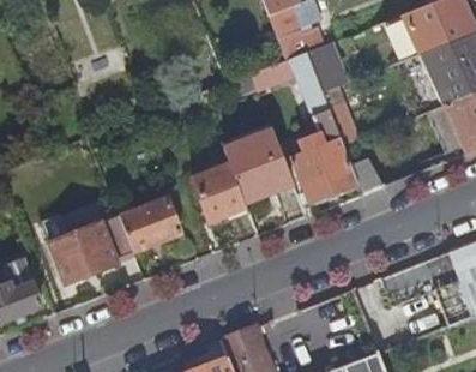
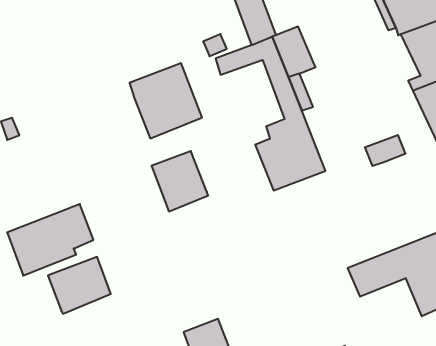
building: [223,128,294,202] -> [129,63,202,138]
building: [120,196,181,251] -> [48,257,111,314]

